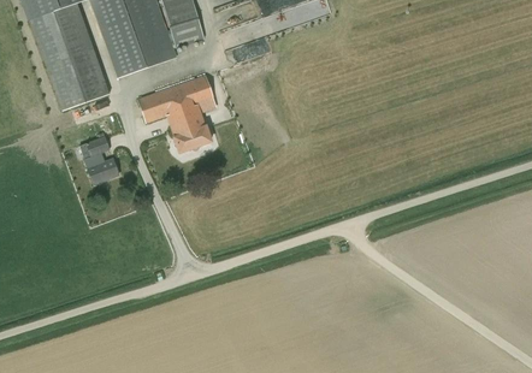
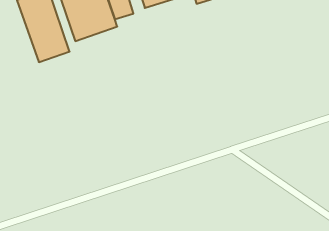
building: [137,77,214,153] -> none
building: [78,136,117,184] -> none

